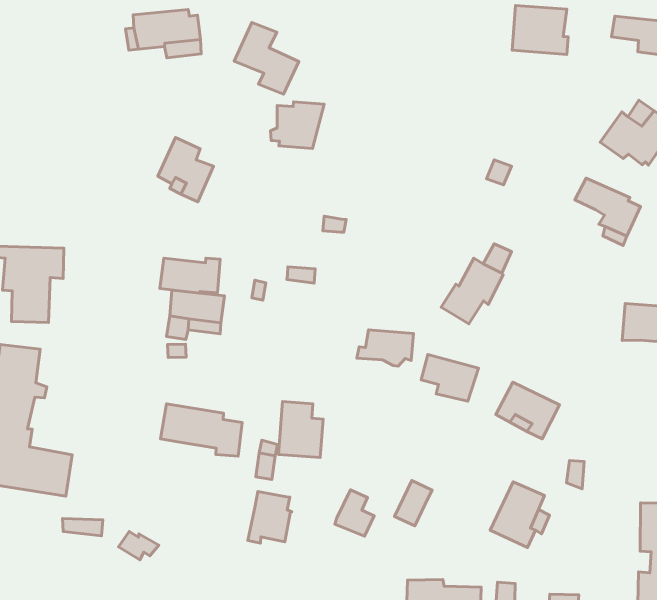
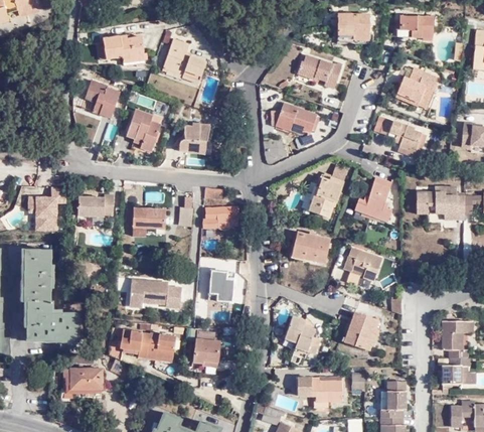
building: none -> [297,54,342,89]
building: none -> [79,78,114,116]
building: [270,102,324,148] -> [184,121,216,149]
building: none -> [275,103,317,132]
building: [160,258,220,293] -> [80,194,117,217]
building: none -> [355,179,392,225]
building: [357,330,413,366] -> [202,207,236,229]
building: none -> [120,330,176,359]
building: [335,490,374,536] -> [296,325,320,353]
building: none -> [66,370,104,393]

